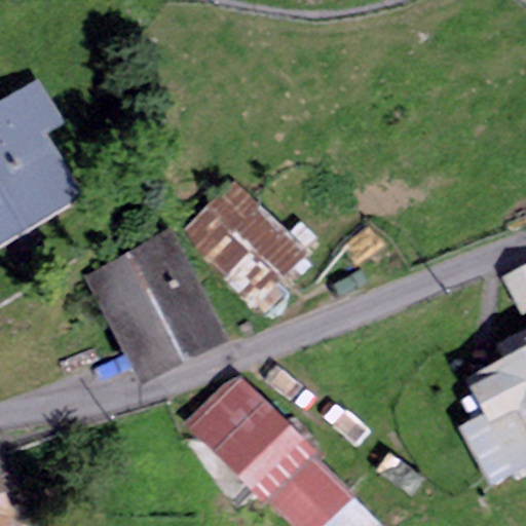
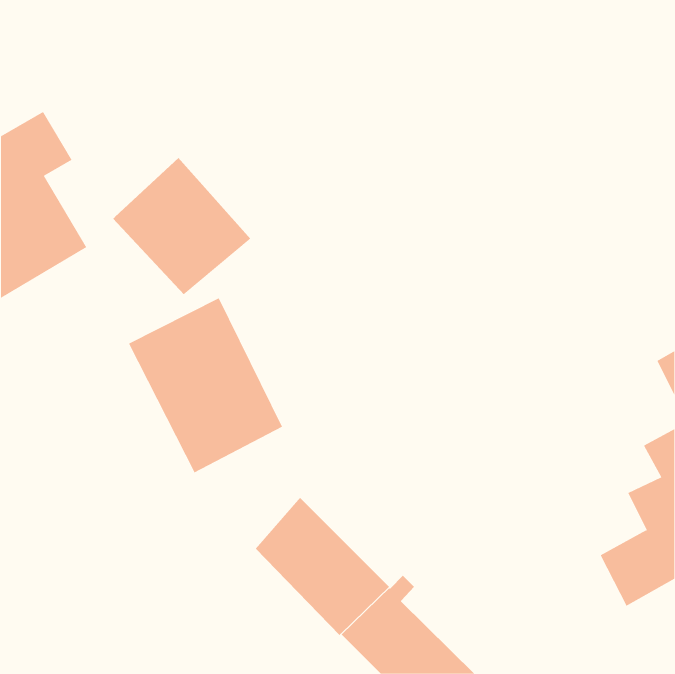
building: none -> [112,157,251,295]
building: [188,189,313,299] -> none

